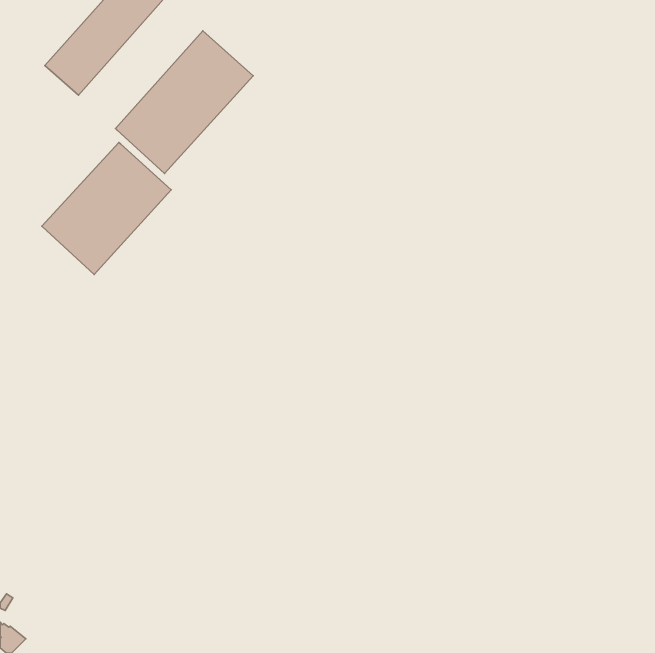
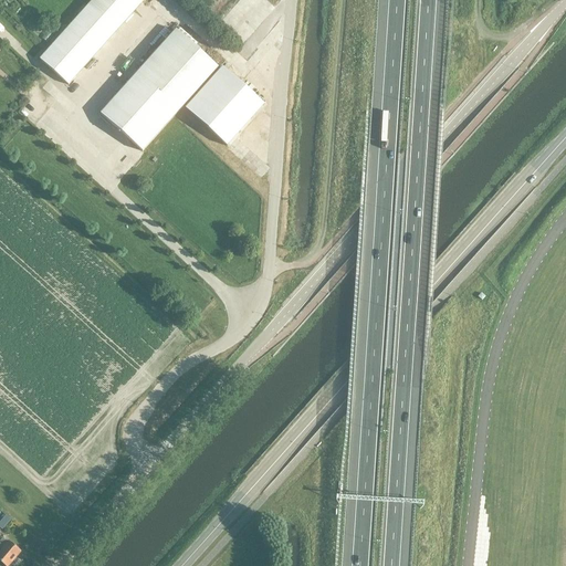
building: none -> [187,64,265,143]
building: [42,143,171,275] -> none

